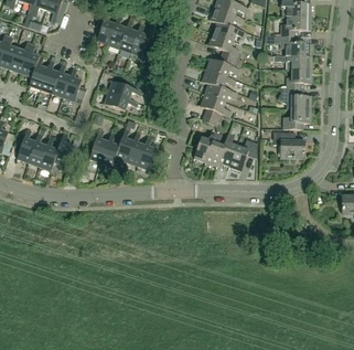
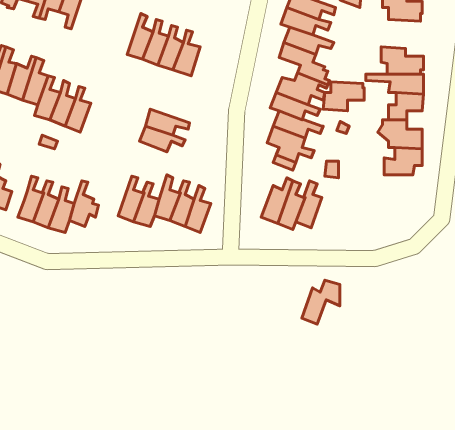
building: [280,15,310,36] -> [323,82,364,111]
building: [62,68,86,104] -> none
building: [272,131,304,157] -> none
building: [229,139,257,171] -> [302,280,340,324]

